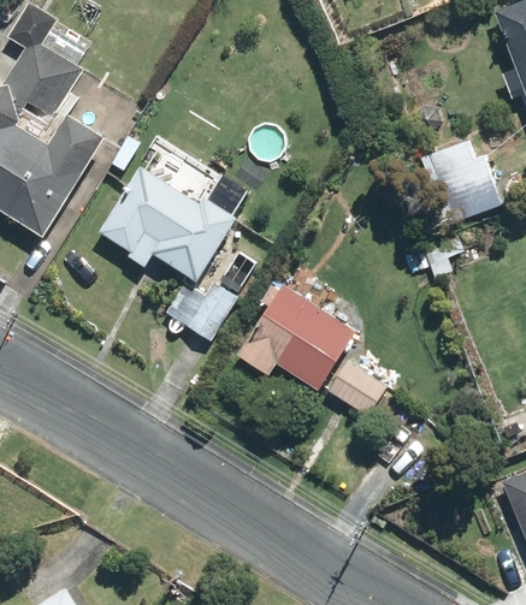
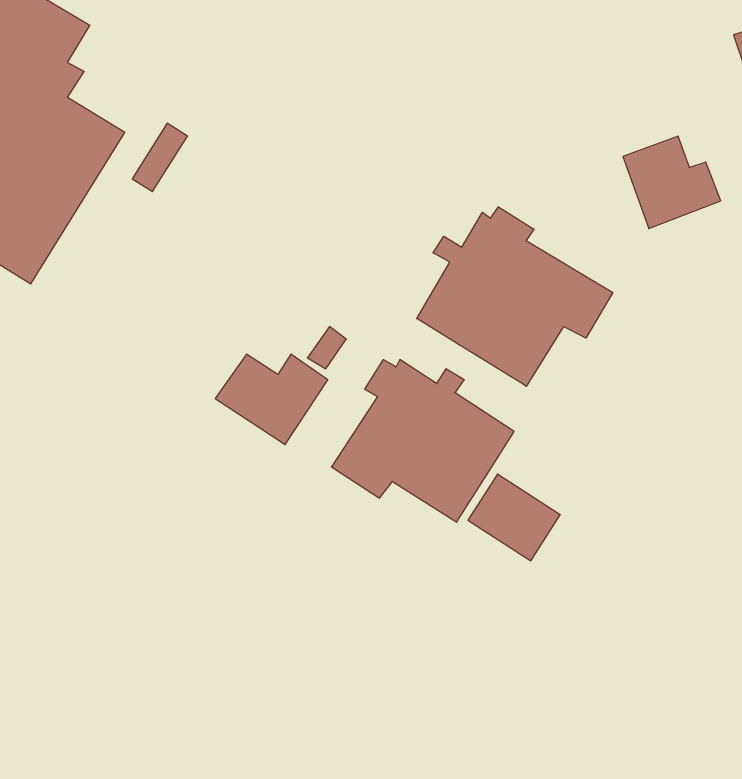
building: [97,166,236,281] -> none
building: none -> [417,207,613,386]

